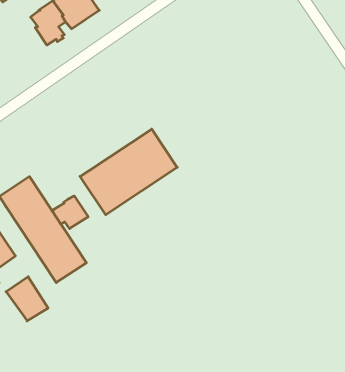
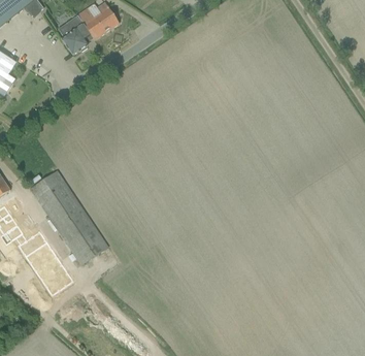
building: [80,129,177,215] -> none
building: [52,196,88,229] -> none

